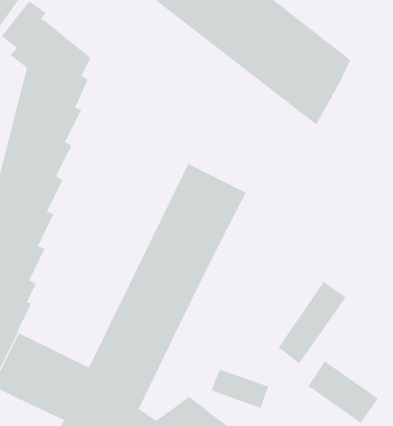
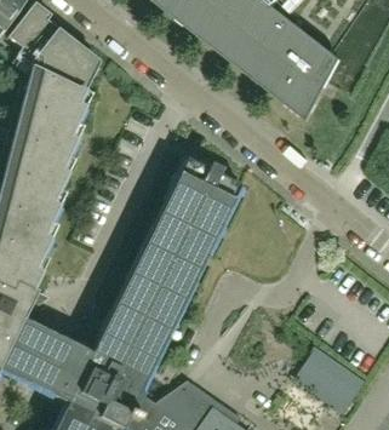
building: [278,281,347,364] -> none
building: [211,369,269,409] -> none

